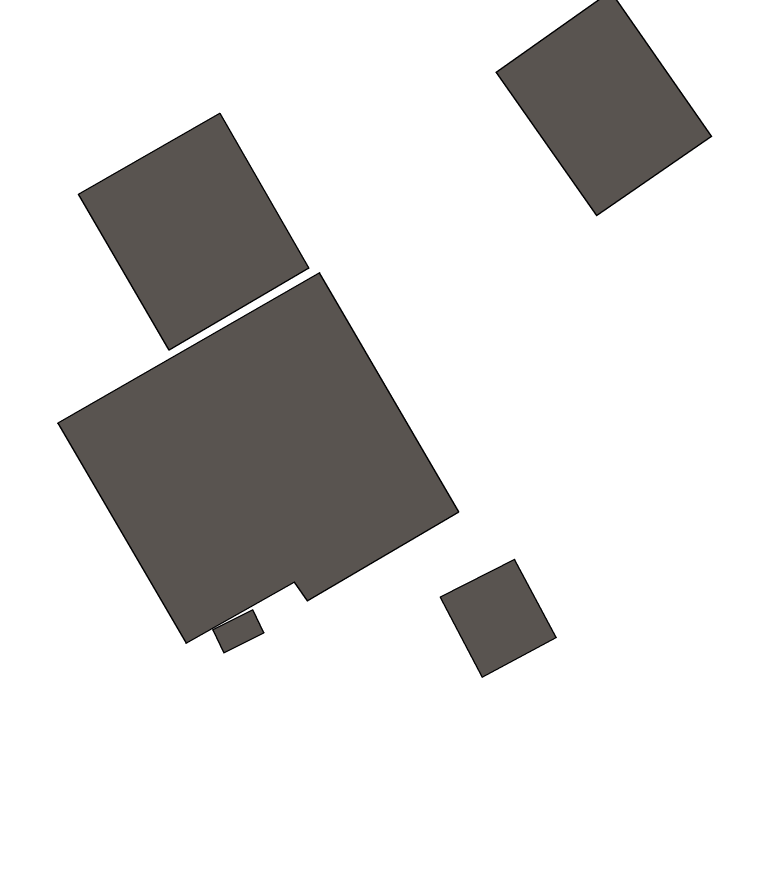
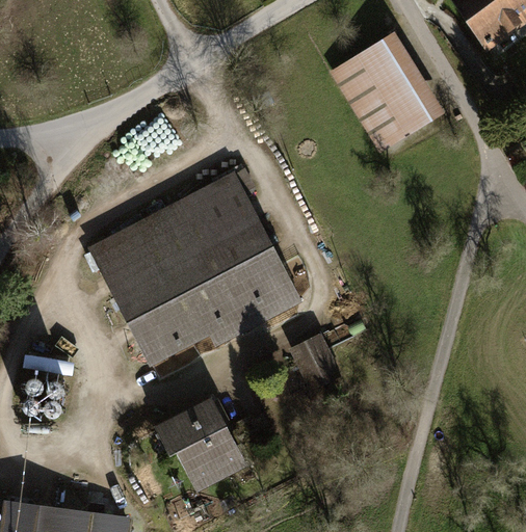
building: [78,113,309,350] -> none
building: none -> [156,399,246,493]

